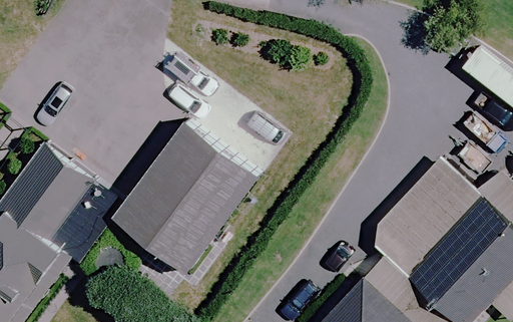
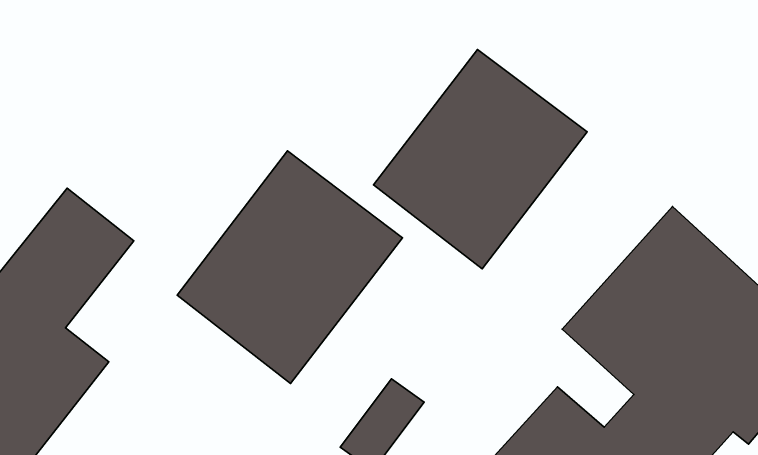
building: none -> [374,50,587,269]

